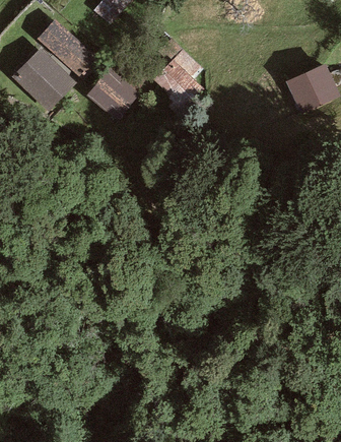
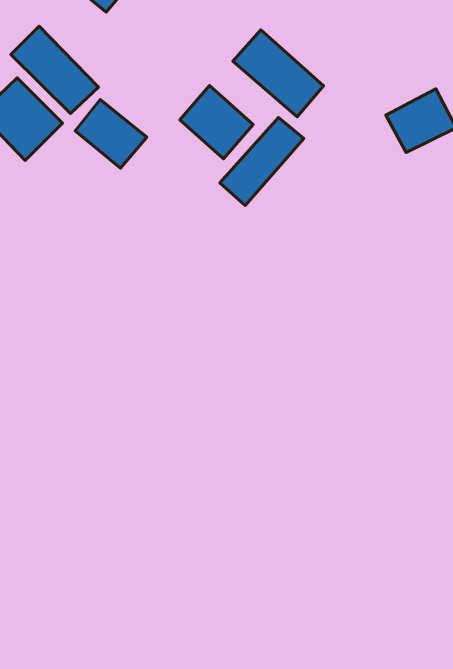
building: none -> [233,30,323,117]
building: none -> [220,117,304,206]

